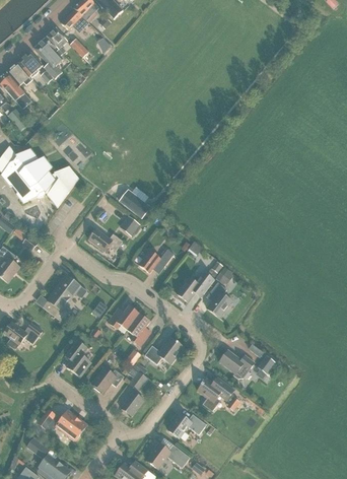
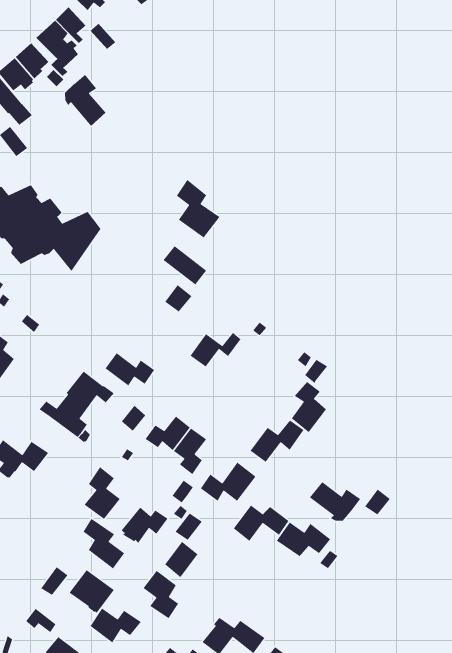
building: none -> [64,74,107,127]
building: none -> [176,179,220,238]
building: [88,228,123,252] -> [105,352,155,386]
building: [177,272,214,301] -> [249,419,305,463]
building: none -> [82,518,125,569]
building: none -> [143,570,179,619]
building: [167,413,206,438] -> [233,505,290,542]
building: none -> [89,607,142,643]

